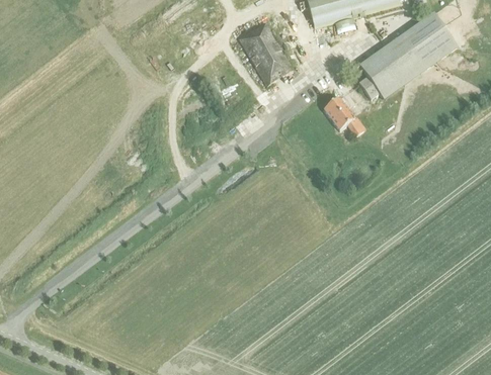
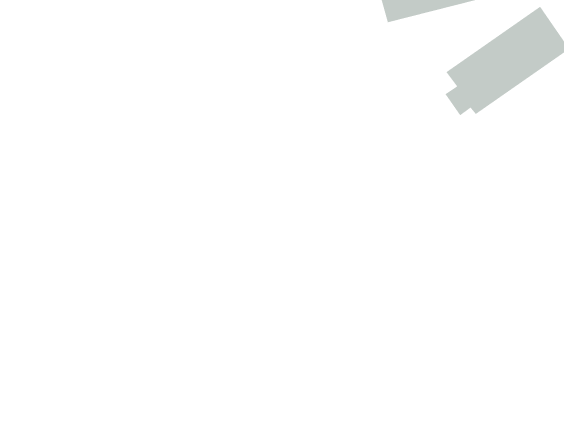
building: [239,22,293,85] -> none
building: [323,97,361,131] -> none

